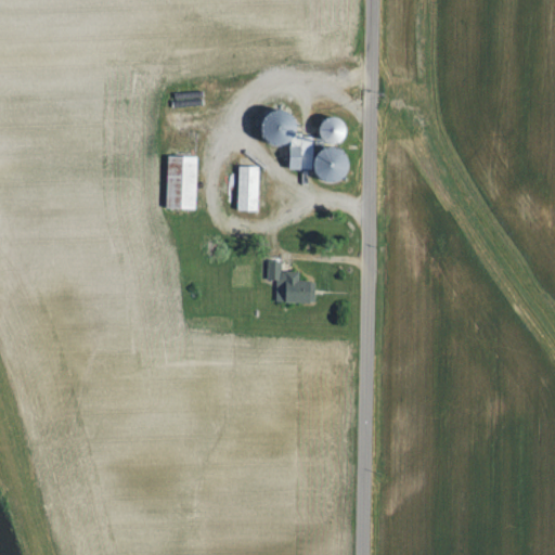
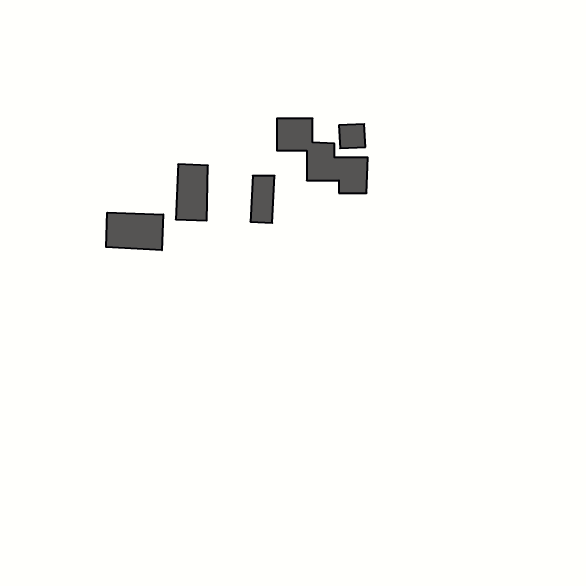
building: none -> [106,213,163,250]
building: [268,261,313,304] -> none

